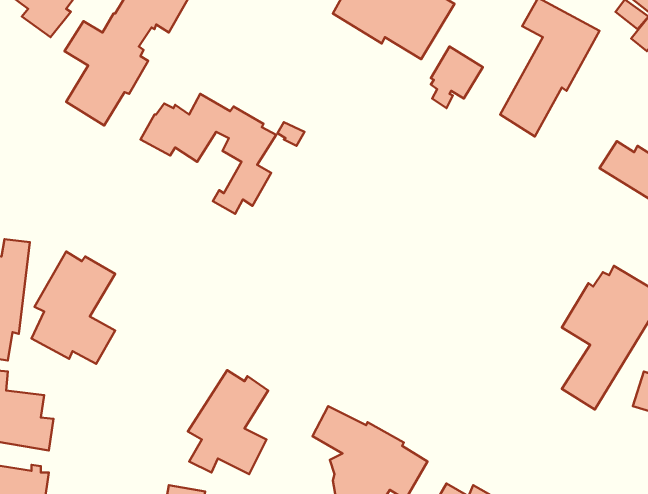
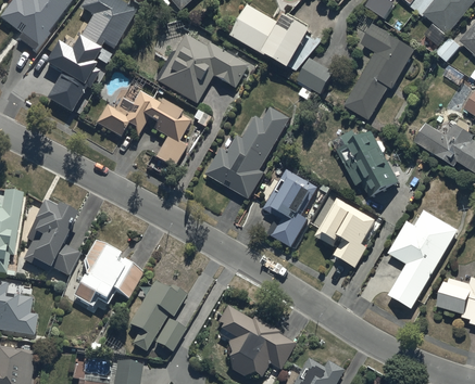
building: none -> [155,34,248,104]
building: none -> [208,106,290,197]
building: none -> [337,128,399,196]
building: none -> [263,168,318,246]
building: none -> [314,196,376,267]
building: none -> [74,239,143,305]

